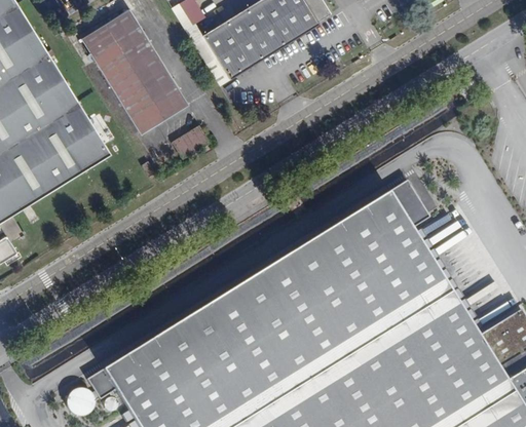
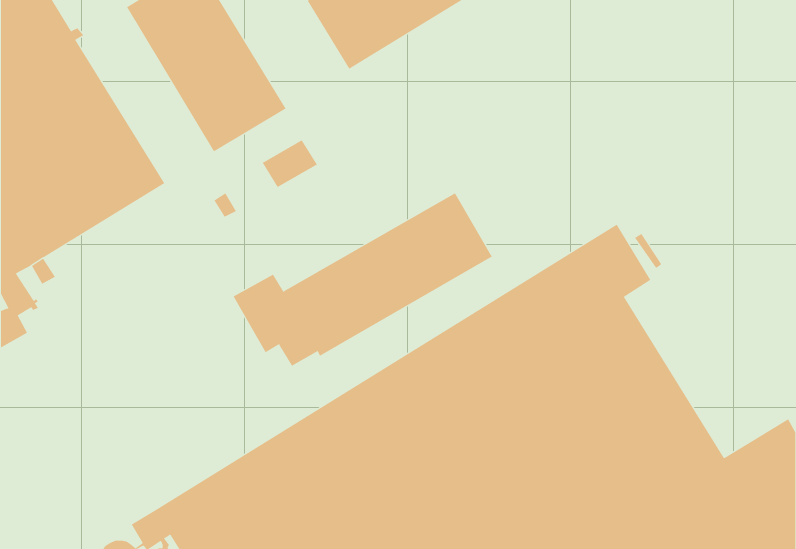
building: none -> [233,193,492,367]

